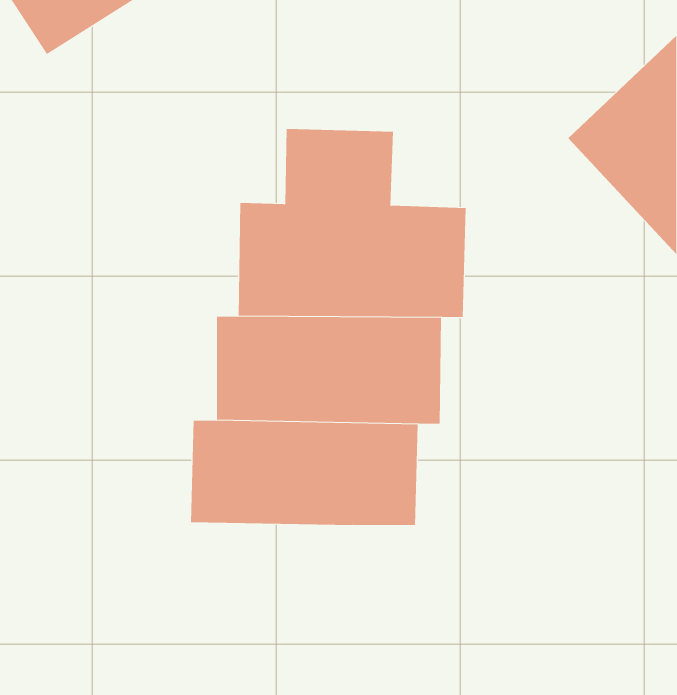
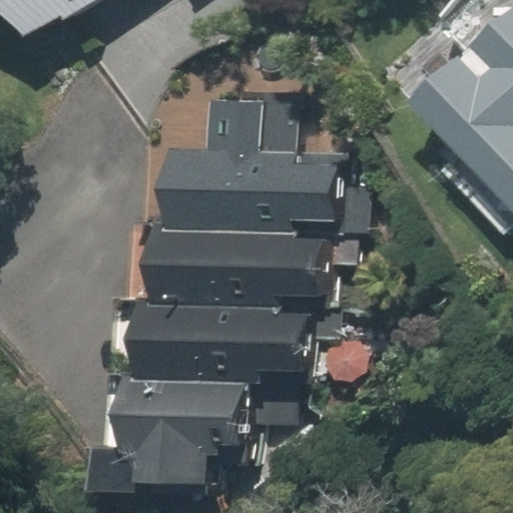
building: none -> [100,383,259,487]

